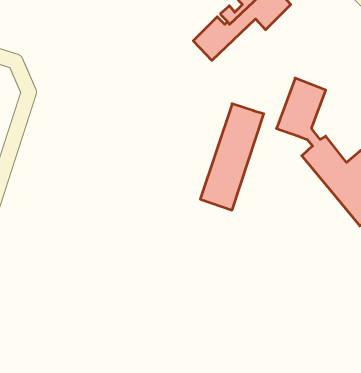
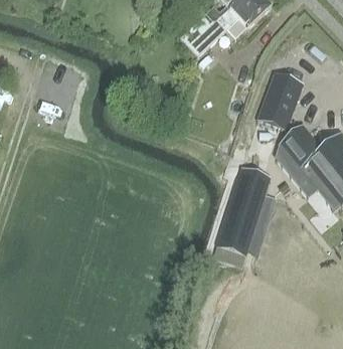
building: [200,104,264,210] -> [212,168,271,266]

